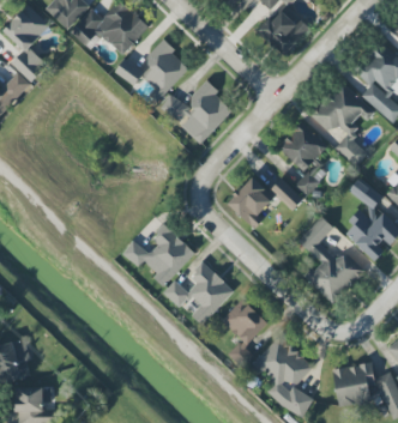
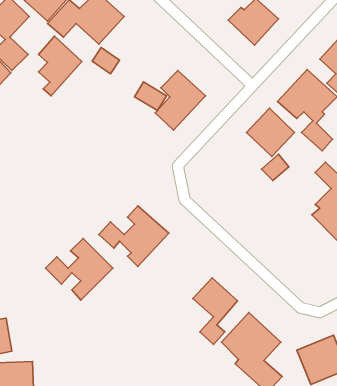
building: [144,40,189,102] -> [39,36,82,96]
building: [227,176,301,228] -> none
building: [301,218,363,303] -> none
building: [163,260,234,325] -> [45,238,113,300]

